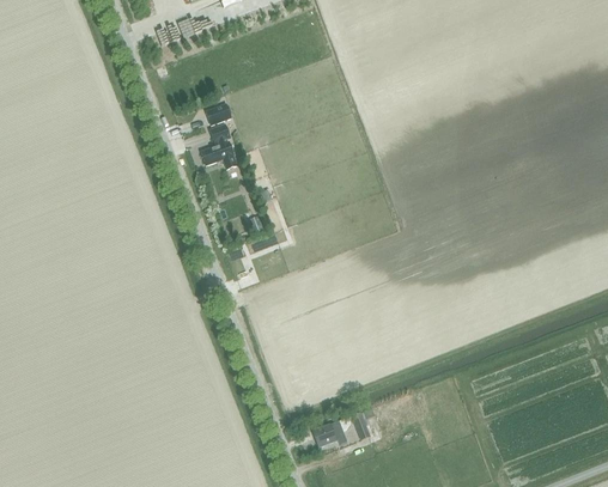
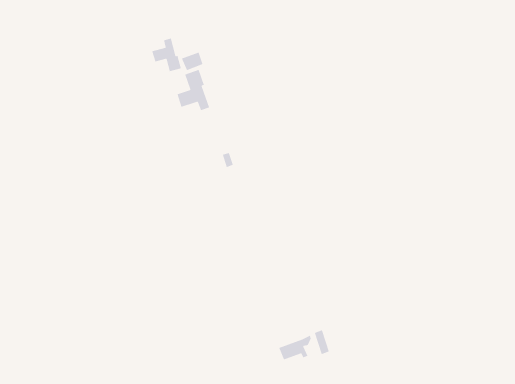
building: none -> [151,37,182,72]

